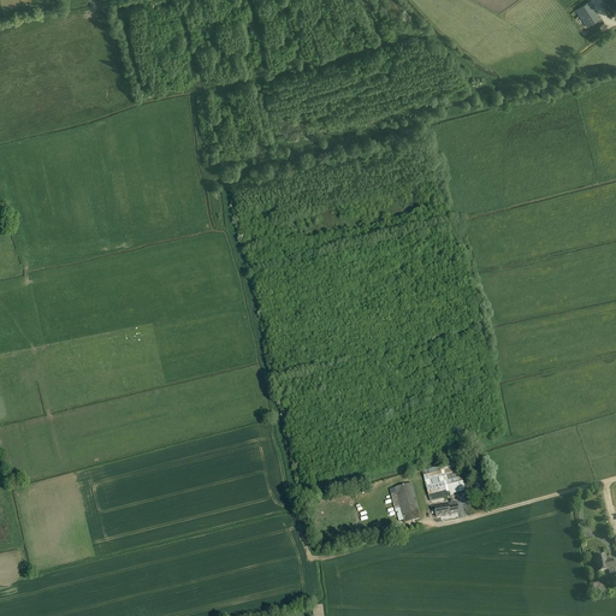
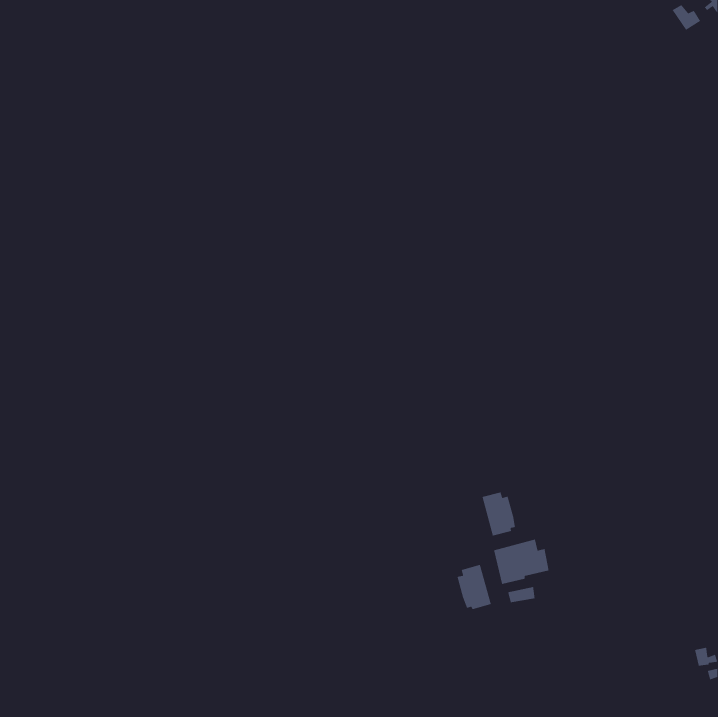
building: none -> [482,492,516,536]

